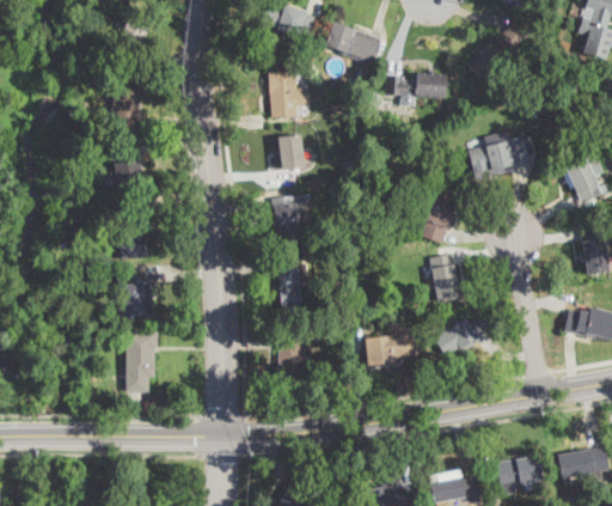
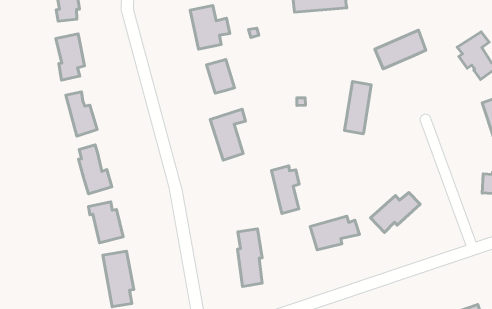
building: [429,255,460,303] -> none
building: [279,258,307,311] -> [272,166,299,214]

